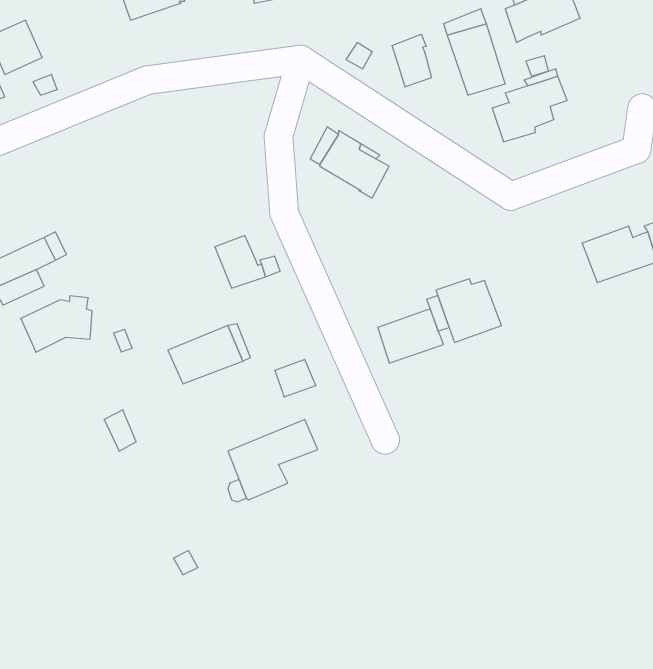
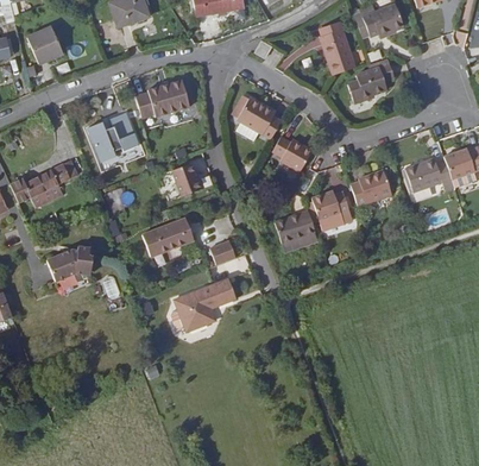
building: [392,34,431,87] -> none
building: none -> [135,81,190,119]
building: none -> [88,111,141,162]
building: none -> [272,136,313,171]
building: none -> [349,169,391,206]
building: [21,296,92,352] -> [48,245,93,281]

